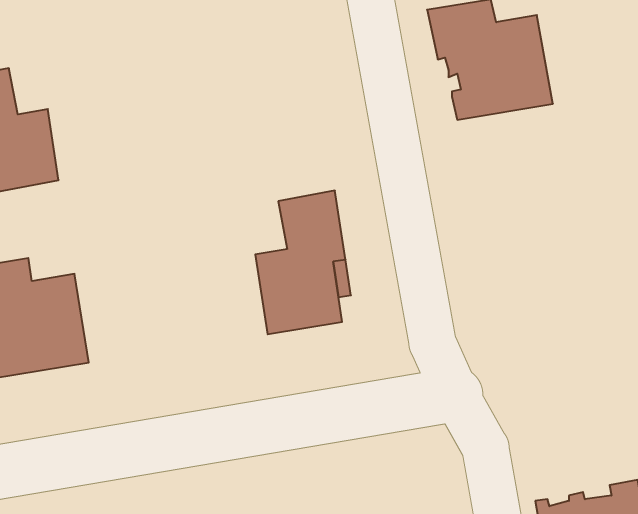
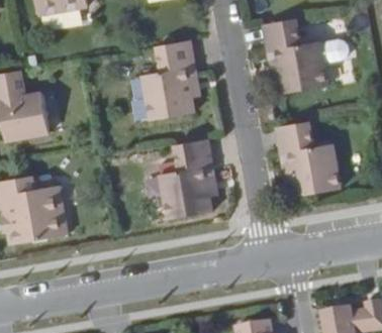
building: none -> [131,39,196,113]
building: none -> [277,122,339,194]

